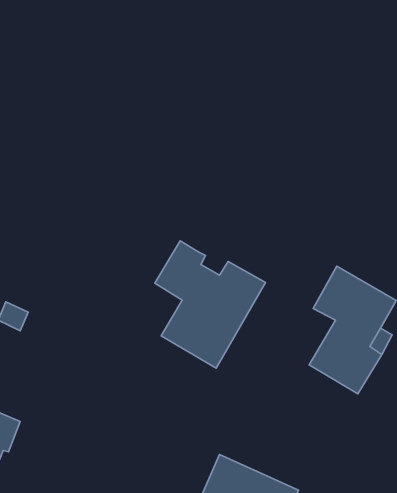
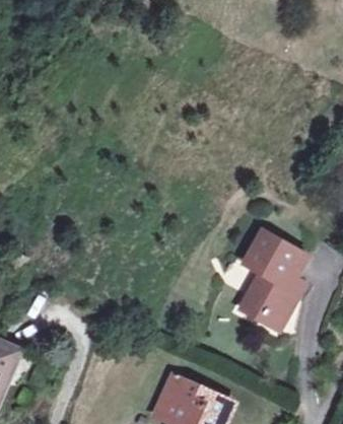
building: [155,241,266,368] -> none

